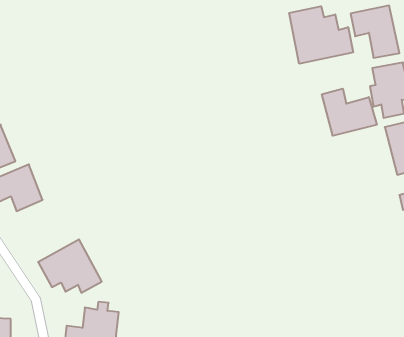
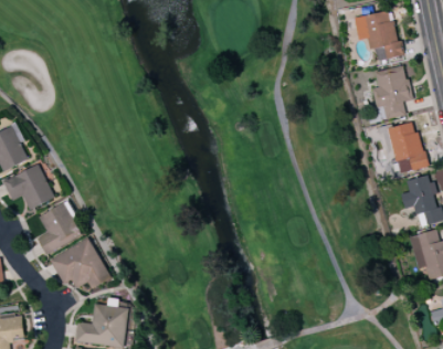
building: [289,6,353,64] -> none
building: [322,89,377,136] -> none
building: none -> [36,202,83,255]

